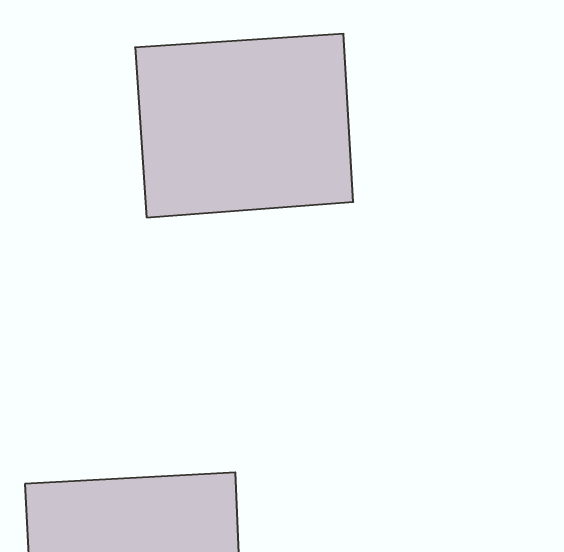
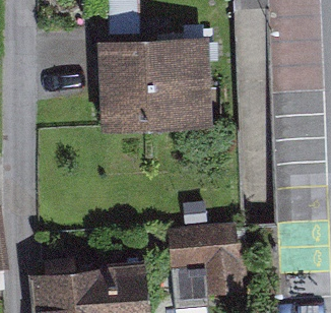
building: none -> [177,220,250,296]

